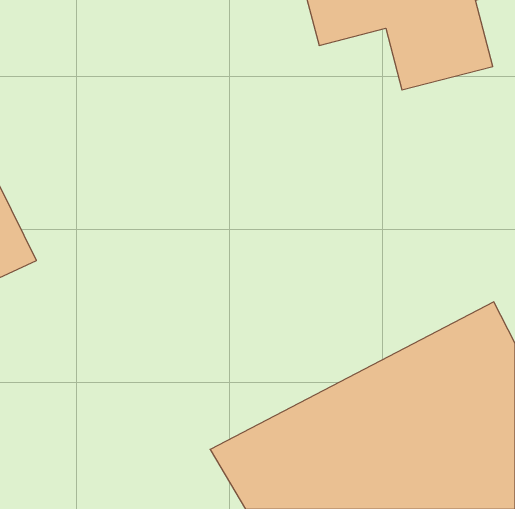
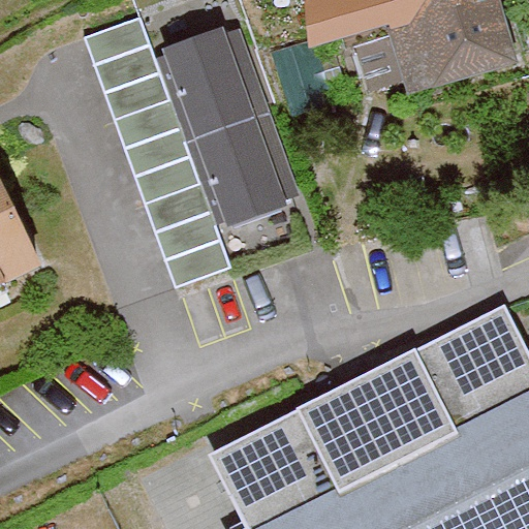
building: none -> [91,7,223,278]
building: none -> [163,23,284,220]

